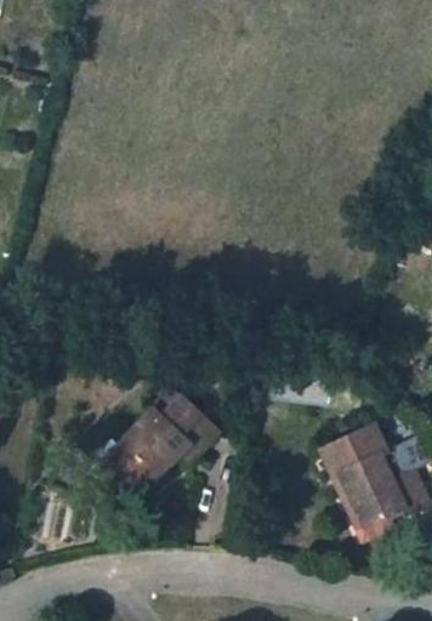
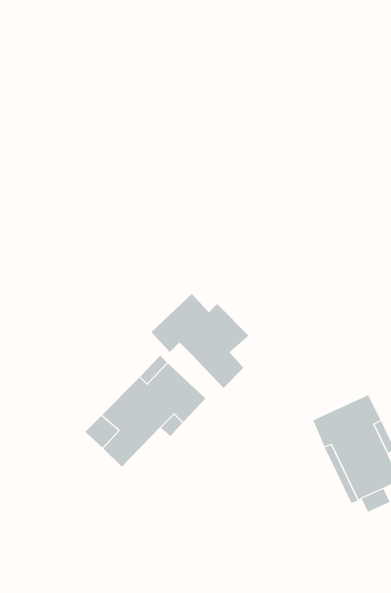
building: none -> [151,293,250,389]

